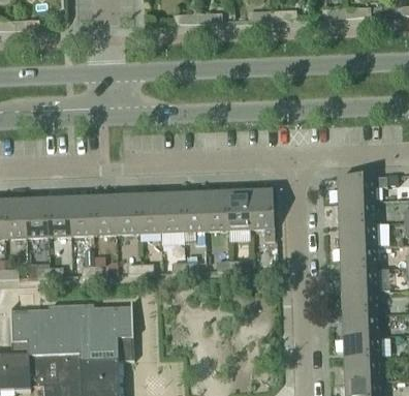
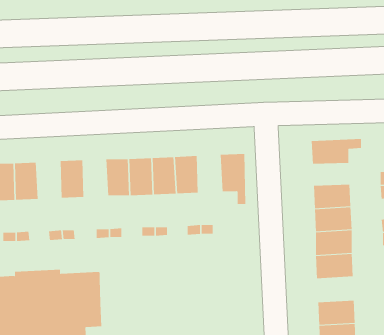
building: [226,189,250,226] -> none
building: [115,193,138,231] -> none
building: [69,195,93,233] -> none
building: [338,197,375,219] -> none
building: [342,308,379,333] -> none

